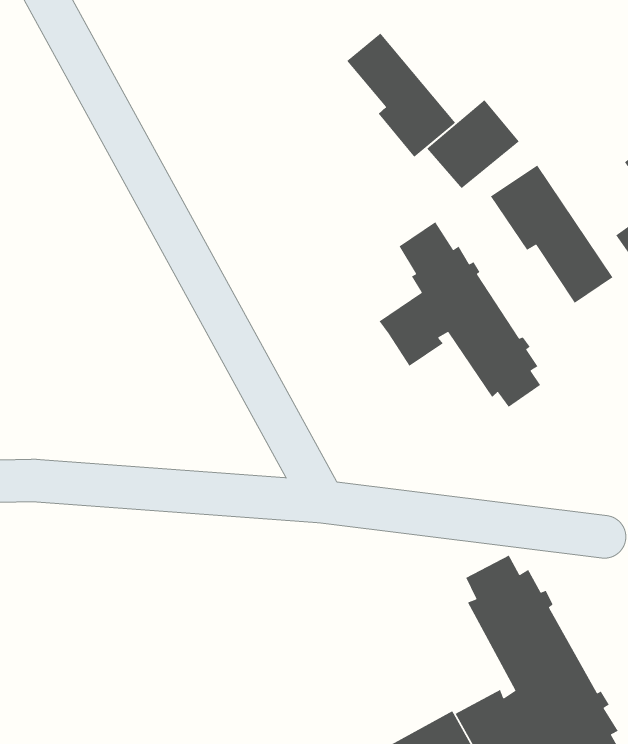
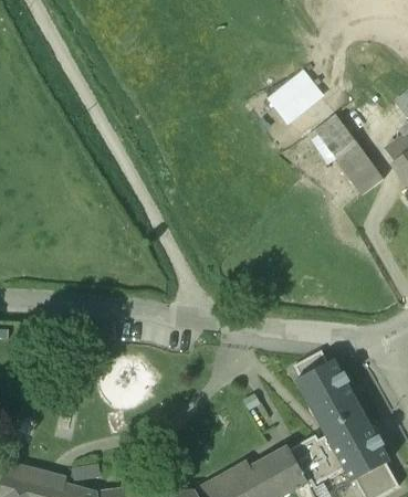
building: [346,32,456,158] -> none
building: [379,221,541,408] -> none

